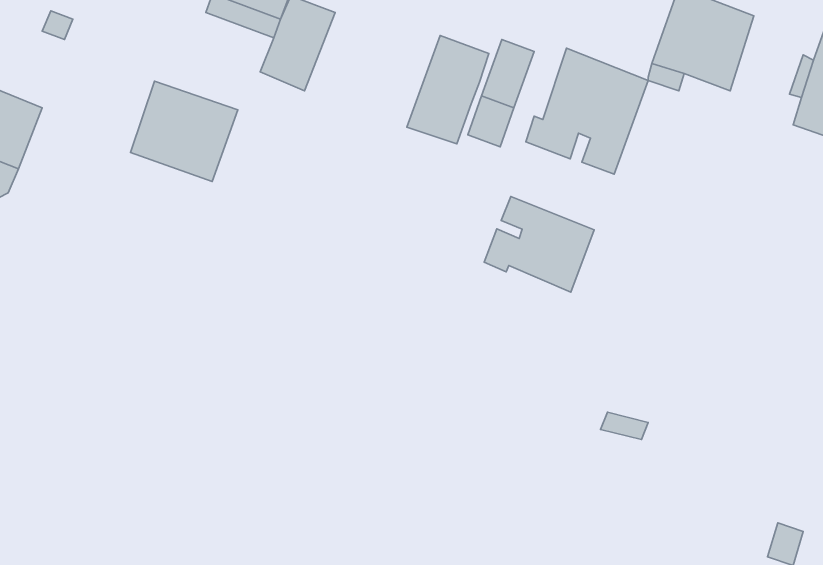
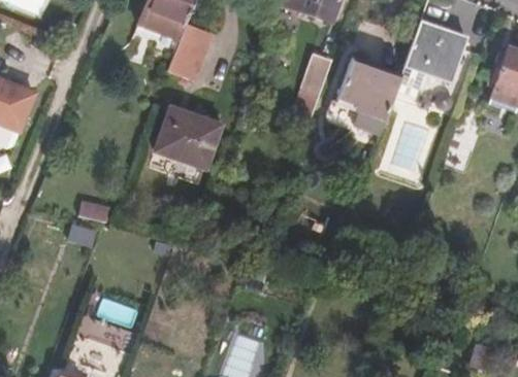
building: [407,36,489,144] -> none
building: [131,81,238,181] -> [156,107,221,168]
building: [484,196,594,292] -> none

